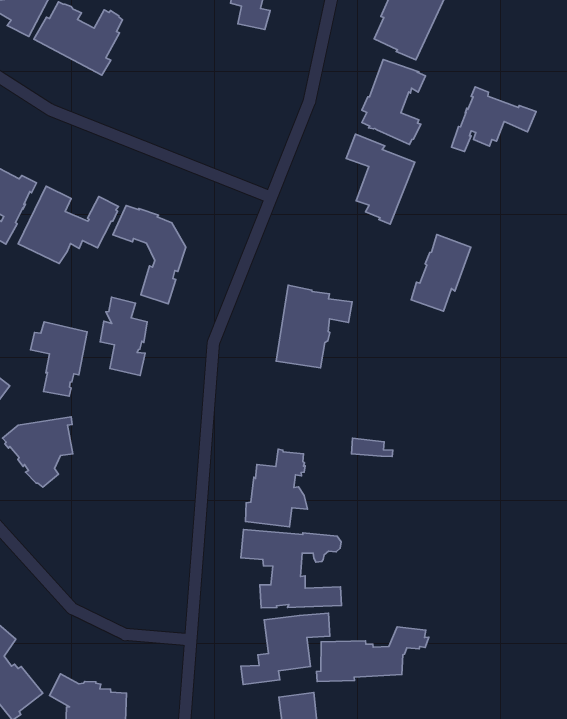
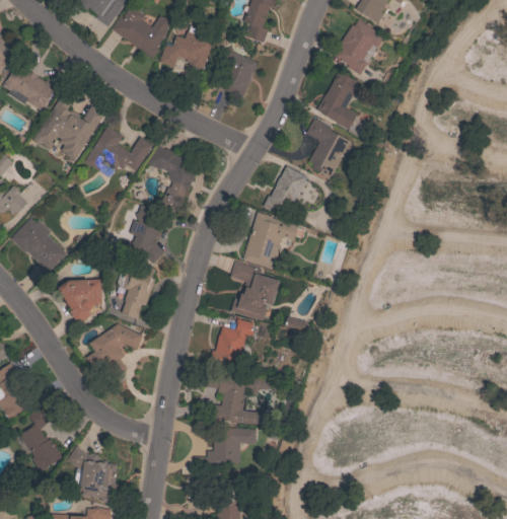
building: none -> [160,24,214,70]
building: none -> [216,48,258,97]
building: [452,87,536,151] -> none
building: [411,235,471,311] -> [264,165,307,216]
building: [31,322,87,396] -> [117,268,155,318]
building: none -> [230,261,280,320]
building: none -> [86,323,143,376]
building: [317,627,429,681] -> none

